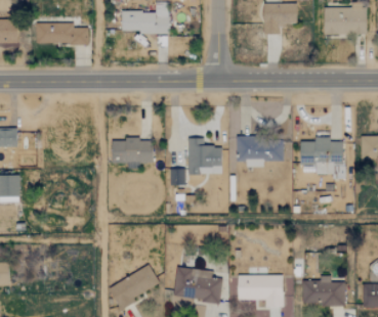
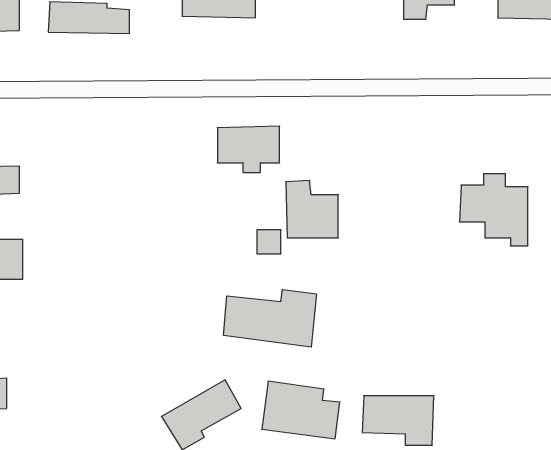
building: [112,138,152,168] -> [217,126,280,172]
building: [236,138,284,167] -> none
building: none -> [224,289,316,347]
building: [301,275,344,306] -> none

